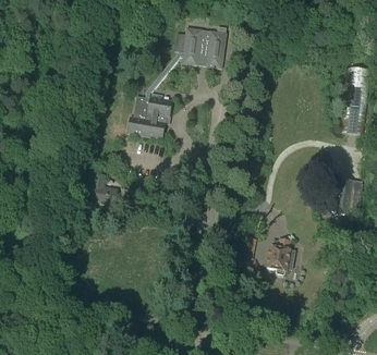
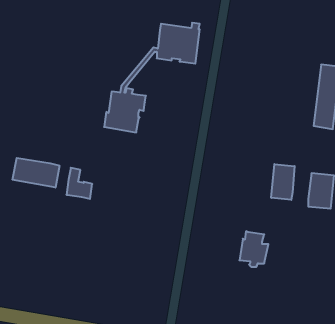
building: none -> [13,158,59,188]
building: none -> [271,164,295,200]

